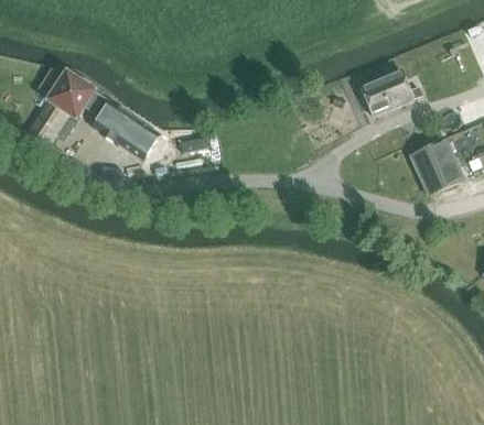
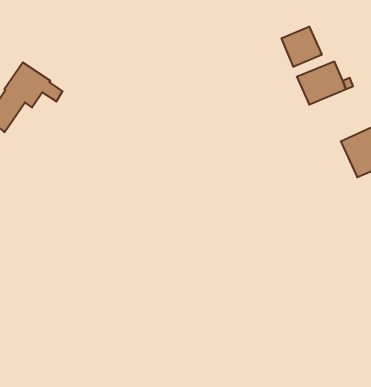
building: none -> [282,27,322,67]
building: [107,108,154,153] -> none

